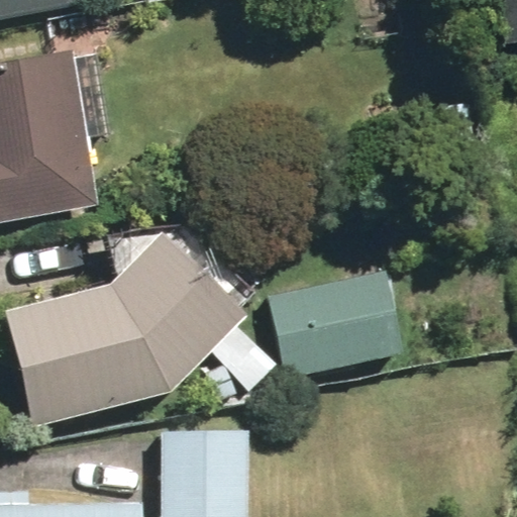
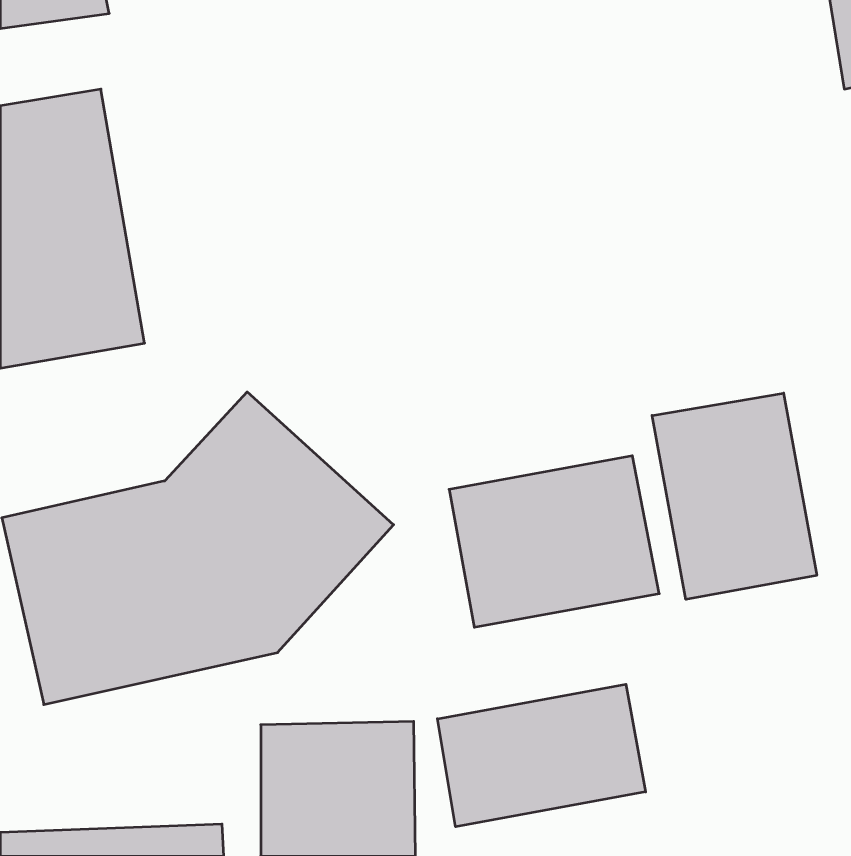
building: none -> [652,393,817,599]
building: none -> [437,684,646,827]

